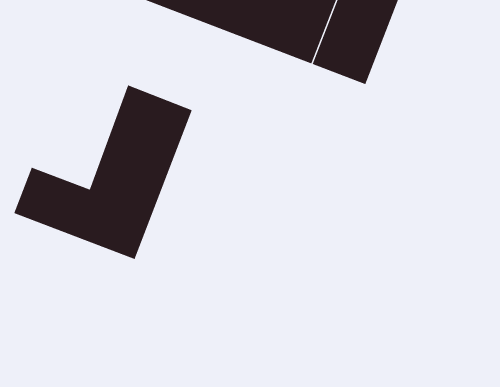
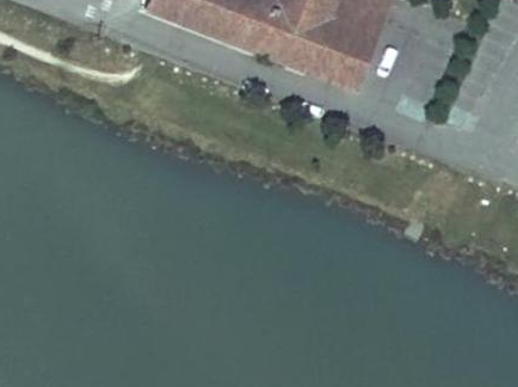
building: [13,84,192,260] -> none

